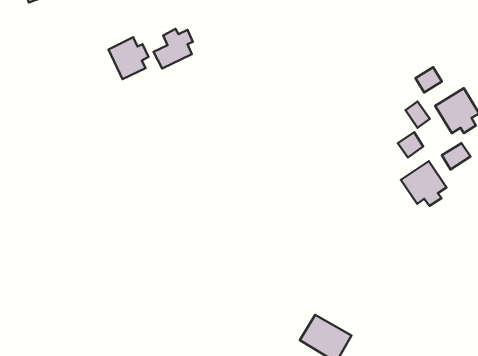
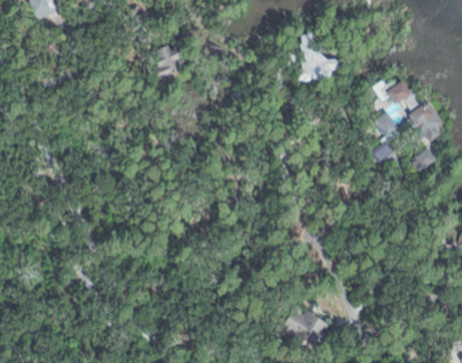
building: none -> [292,35,341,79]
building: [108,37,148,79] -> none
building: [401,161,447,206] -> none

